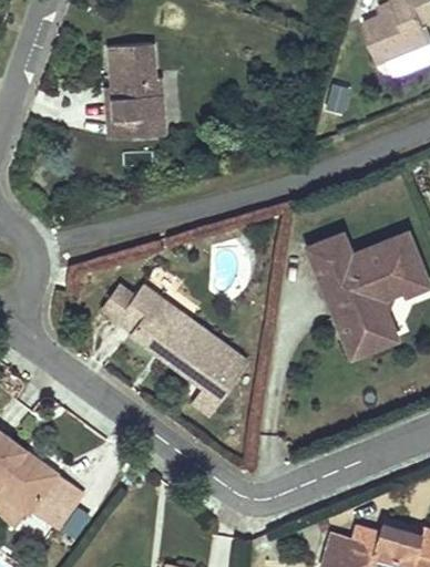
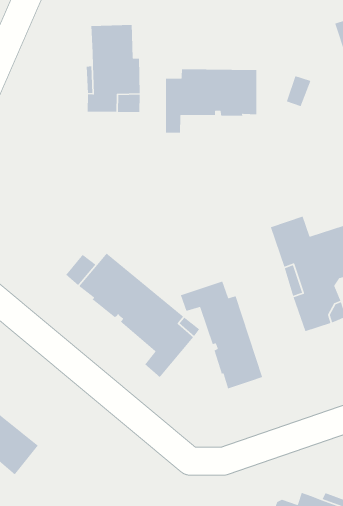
building: none -> [165,69,257,133]
building: none -> [180,280,263,390]

